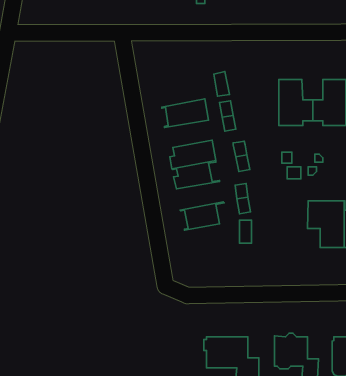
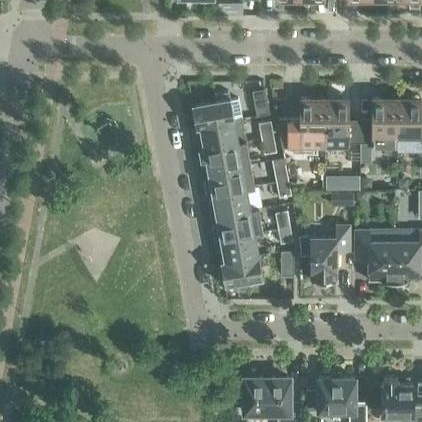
building: none -> [192,92,243,128]
building: none -> [289,98,324,148]
building: none -> [199,142,251,172]
building: none -> [212,209,263,240]
building: none -> [310,225,350,281]
building: none -> [221,255,264,286]

